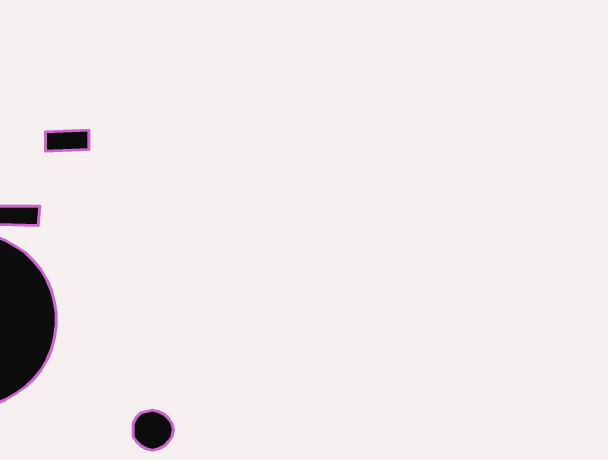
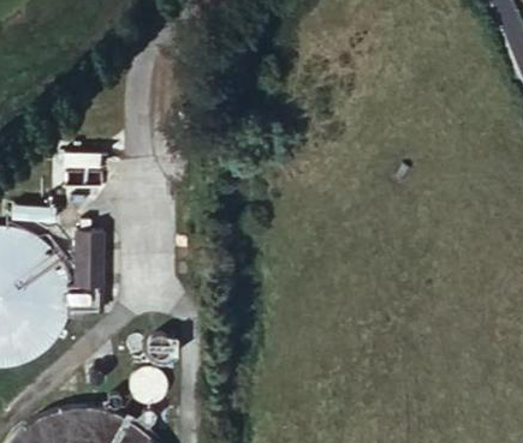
building: none -> [77,229,103,286]

